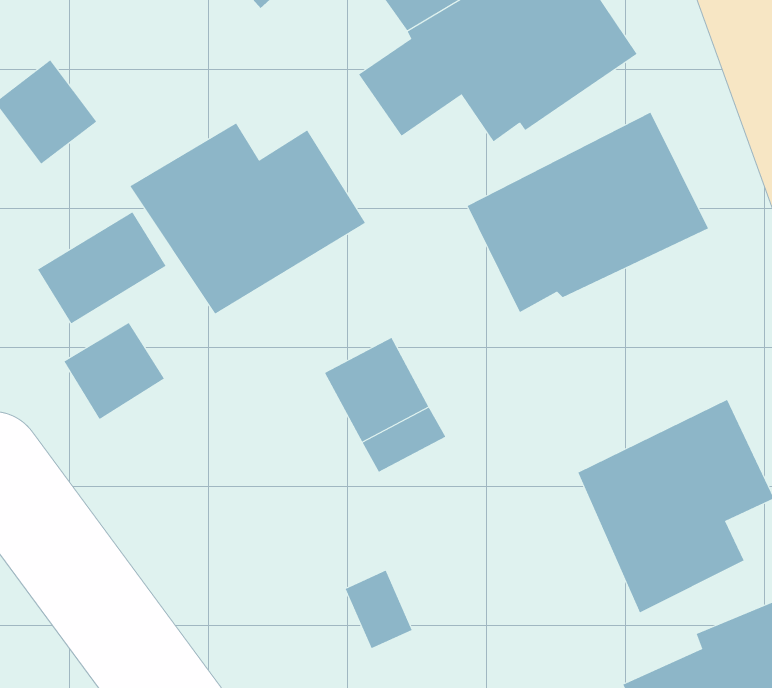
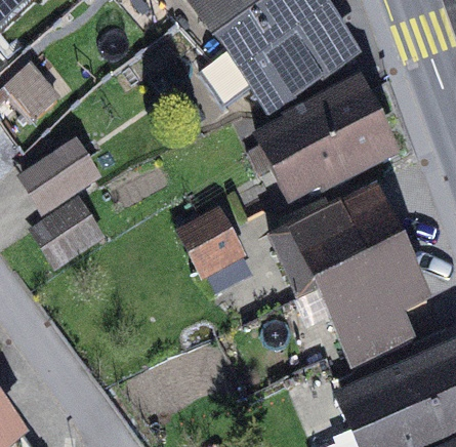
building: [130,123,366,315] -> none
building: none -> [273,190,402,295]

